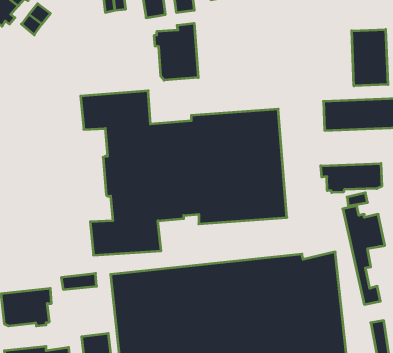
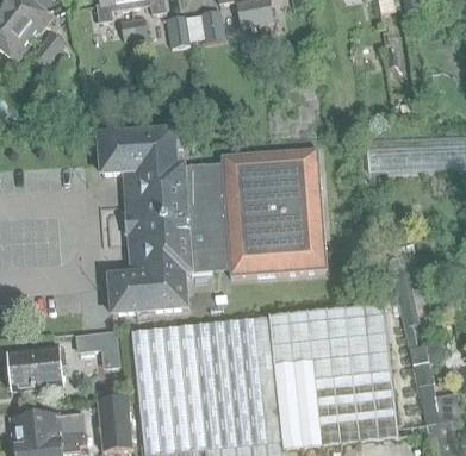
building: [154,23,198,80] -> none
building: [352,29,388,86] -> none
building: [321,163,382,193] -> none

